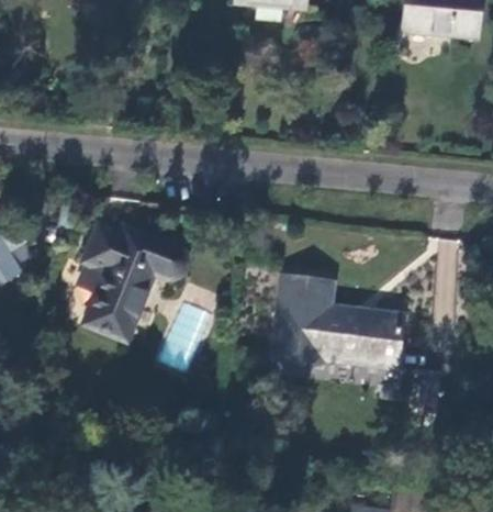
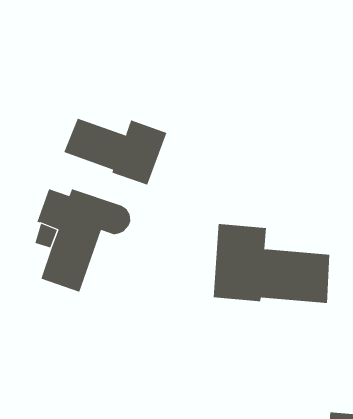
building: none -> [64,118,167,186]

